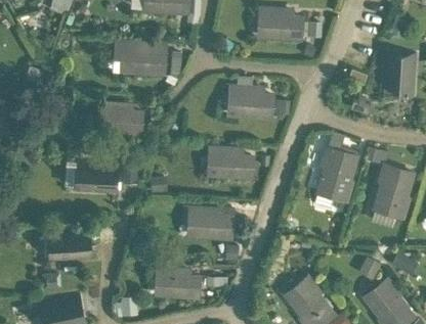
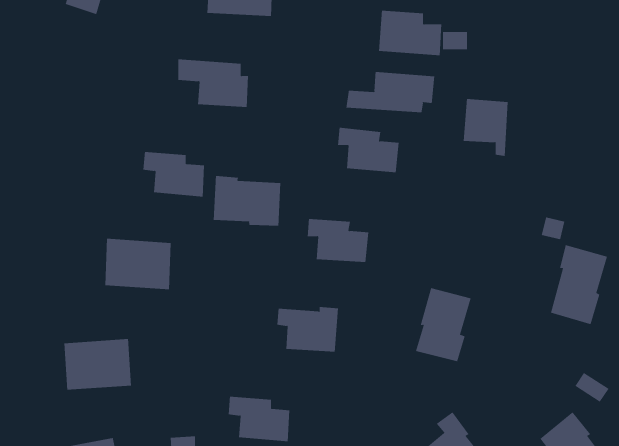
building: none -> [346,71,435,113]
building: [384,52,415,91] -> [463,99,509,156]
building: none -> [213,175,281,226]
building: [316,148,354,198] -> [415,287,472,362]

